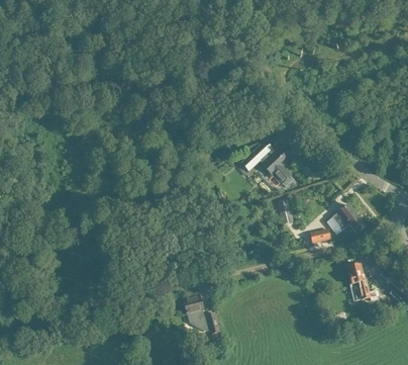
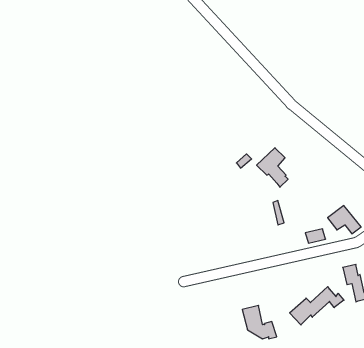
building: none -> [290,287,344,325]
building: [183,298,217,332] -> [242,305,277,339]

